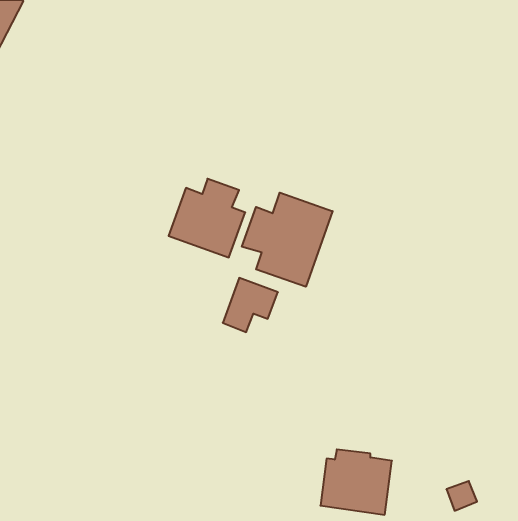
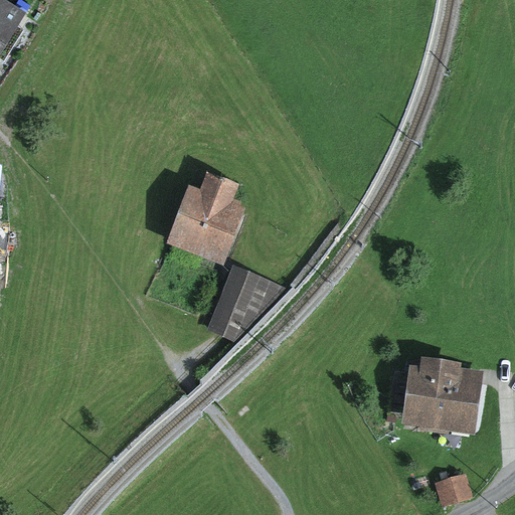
building: [242,193,333,287] -> none
building: [320,449,392,515] -> [403,367,474,432]

